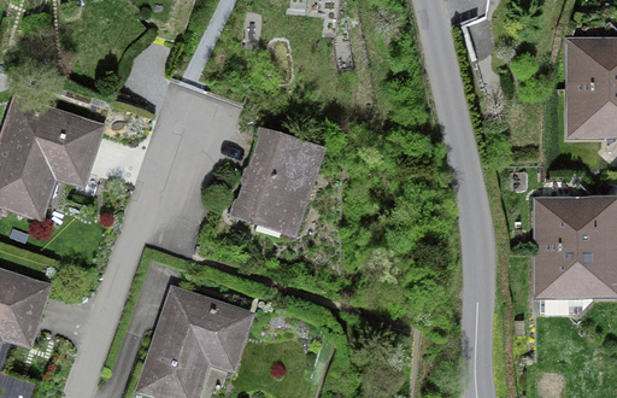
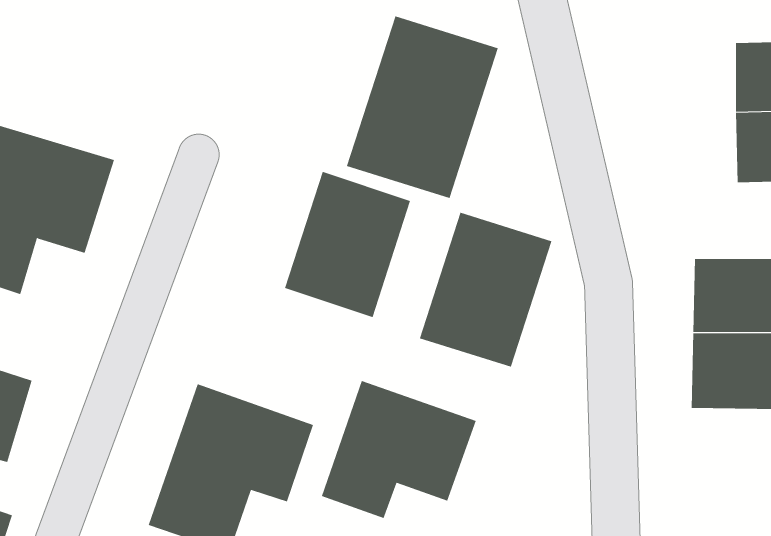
building: none -> [346,15,499,199]
building: none -> [419,212,552,368]
building: none -> [321,380,477,519]

